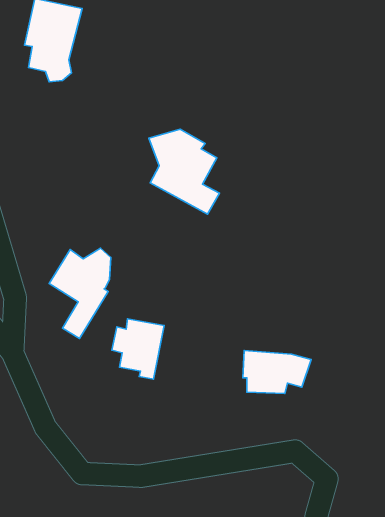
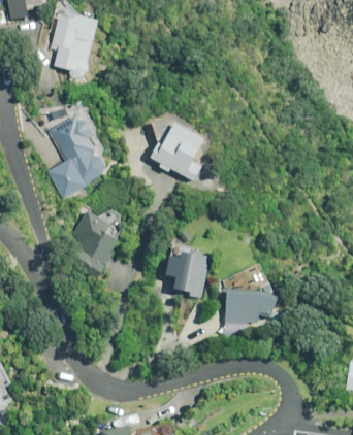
building: none -> [46,115,105,199]
building: [112,319,164,379] -> [168,250,210,298]

